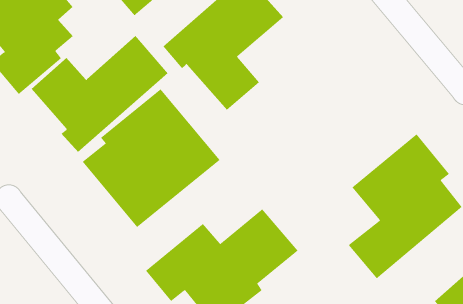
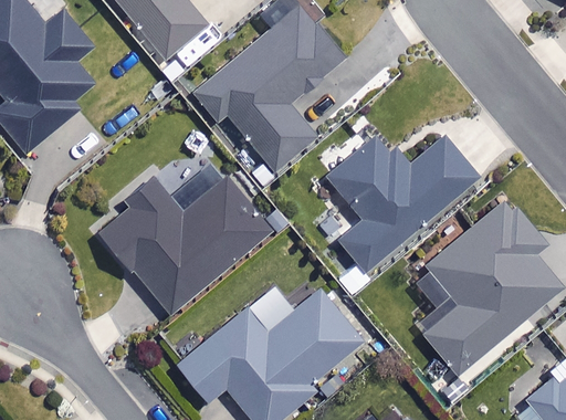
building: [31,35,169,153] -> none
building: none -> [328,134,476,272]

